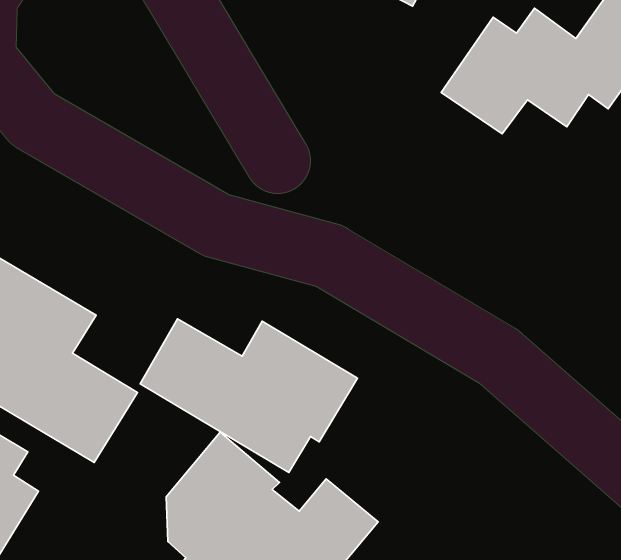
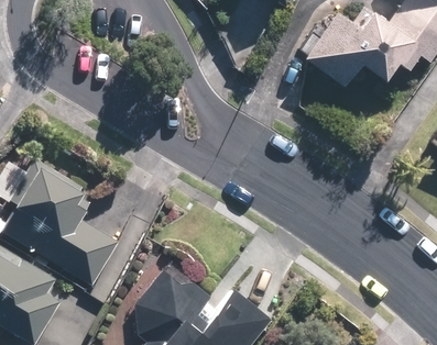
building: [140,319,358,472] -> none

